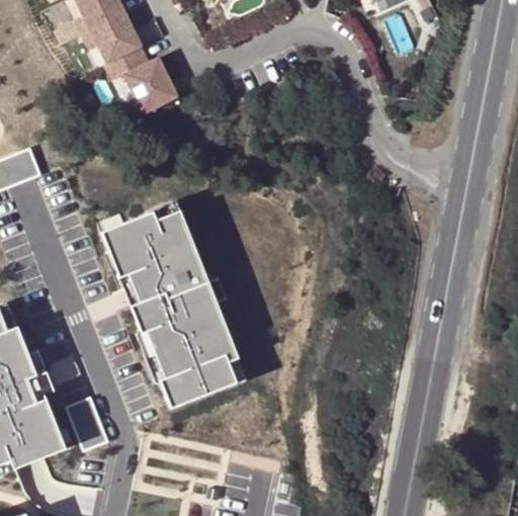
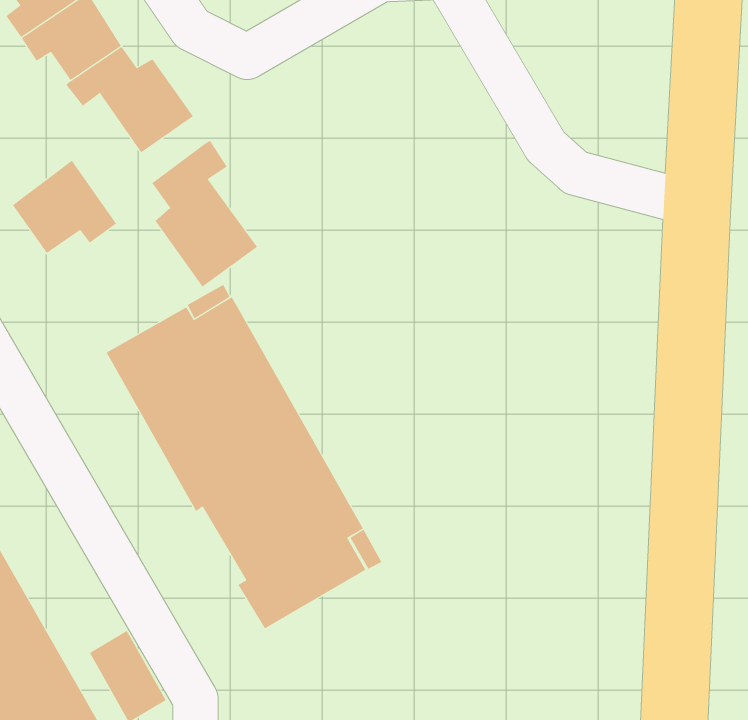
building: none -> [12,160,117,254]
building: none -> [151,140,258,287]

